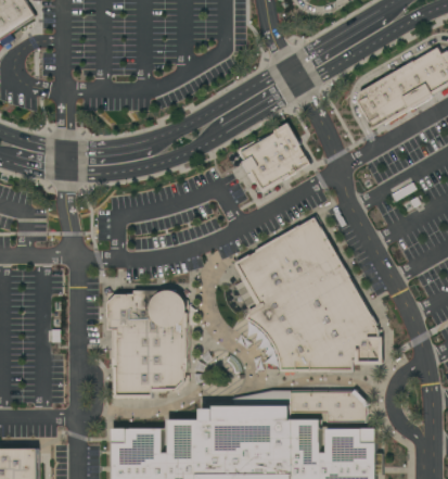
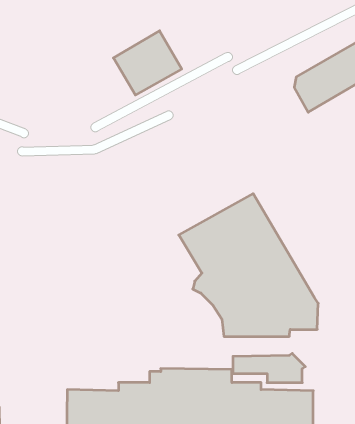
building: [238,121,311,190] -> [113,31,182,95]
building: [107,289,187,399] -> none

